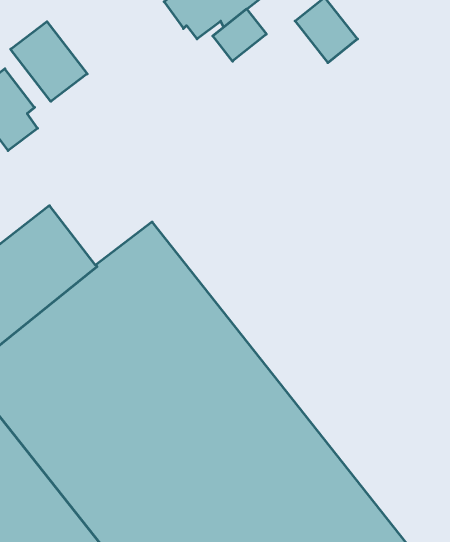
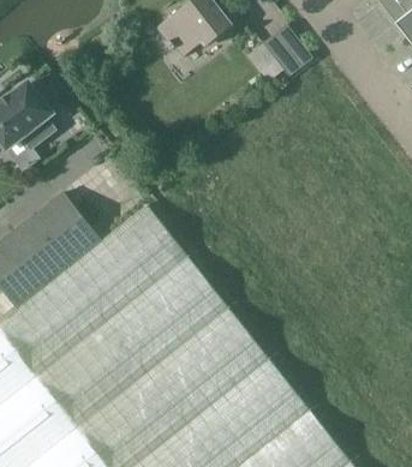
building: [213,9,266,61] -> none
building: [11,22,87,101] -> none

